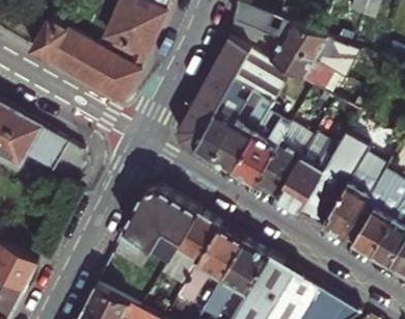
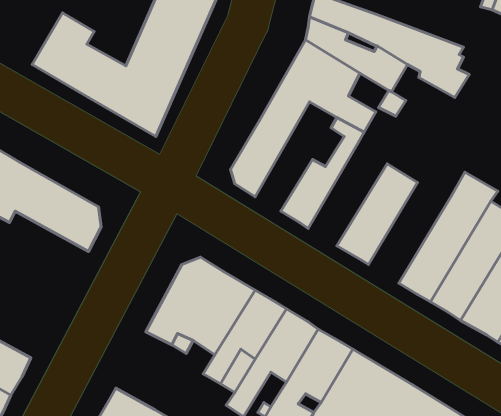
building: [196,79,255,158] -> none
building: [235,108,293,183] -> none
building: [278,133,339,210] -> none

